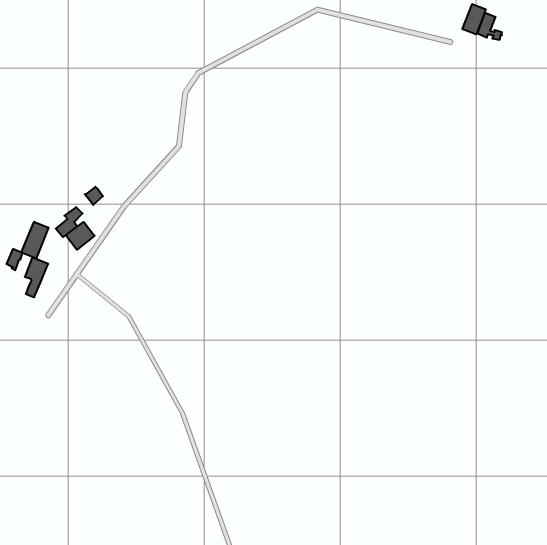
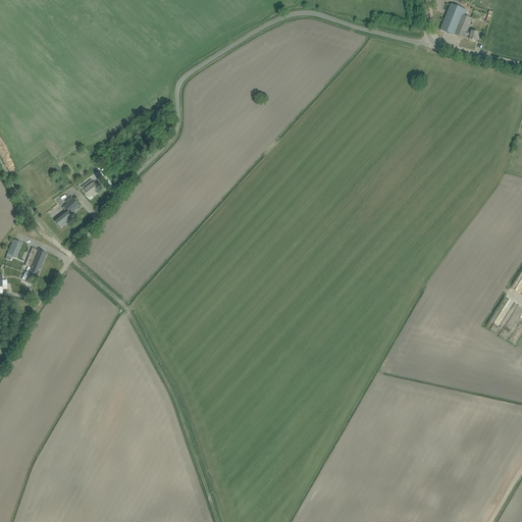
building: [22,222,48,259] -> none
building: [66,222,95,250] -> none

